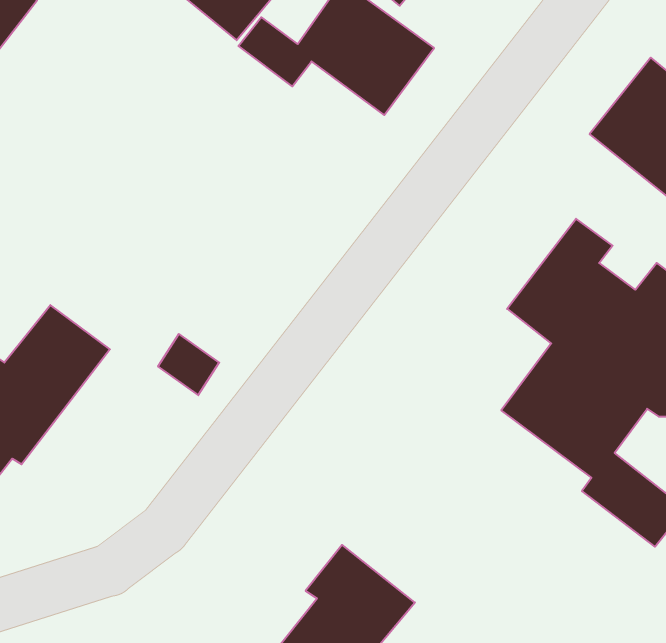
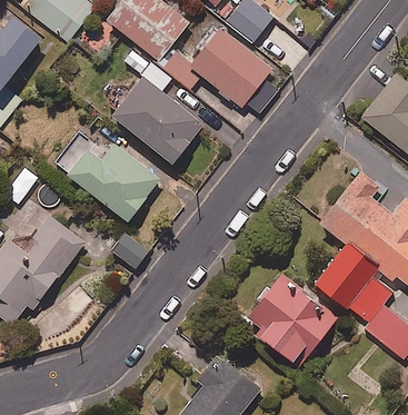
building: none -> [115,66,205,162]
building: none -> [53,131,161,220]
building: none -> [246,276,338,366]

